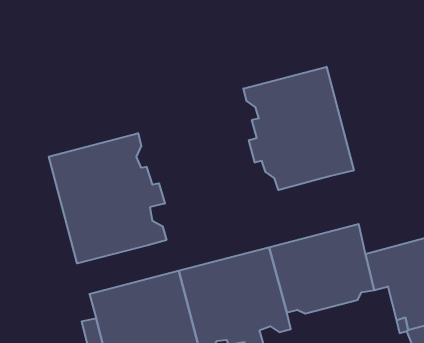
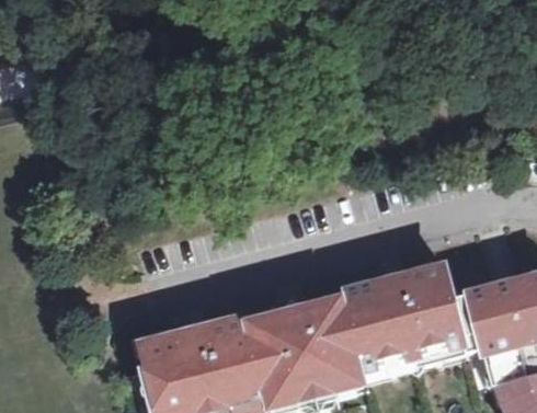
building: [243,67,354,190] -> none
building: [49,133,166,263] -> none

